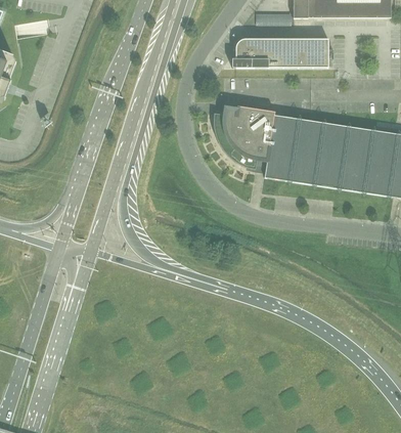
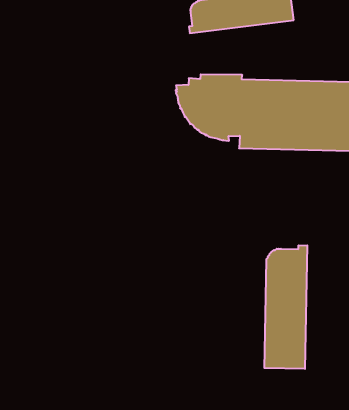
building: none -> [264,245,307,369]

